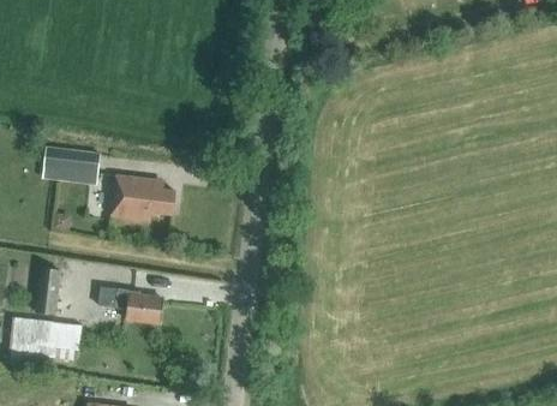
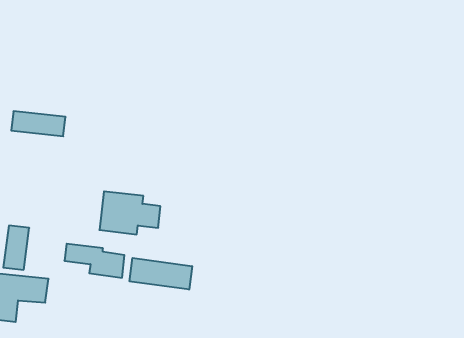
building: [112,175,176,221] -> [99,191,160,234]
building: none -> [130,258,192,290]

